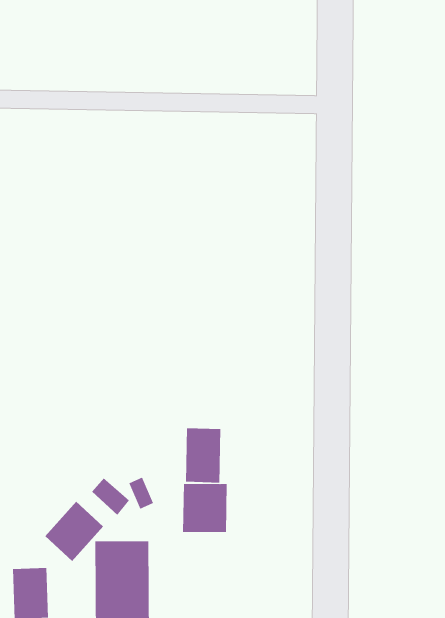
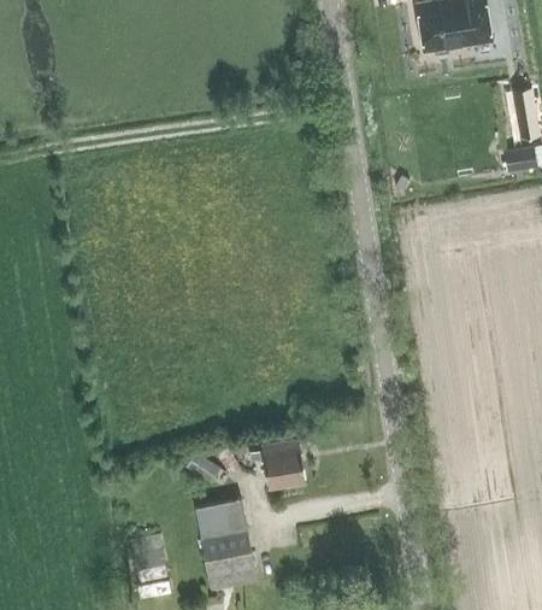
building: [186,427,221,484] -> none
building: [45,501,104,562] -> none

